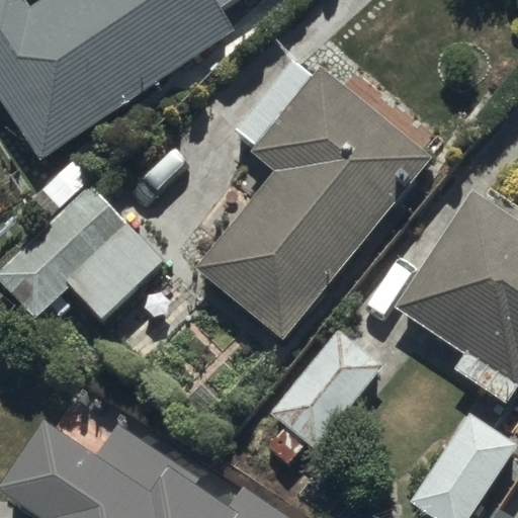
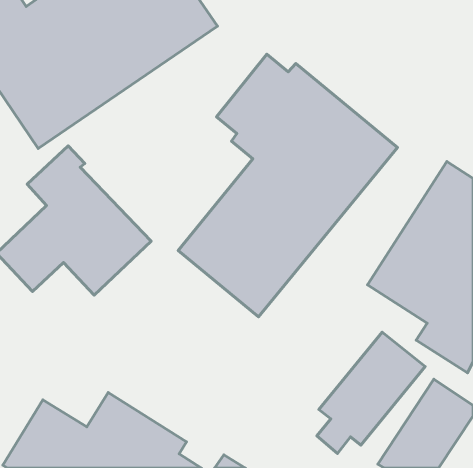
building: [268,329,385,460] -> [317,332,425,454]

